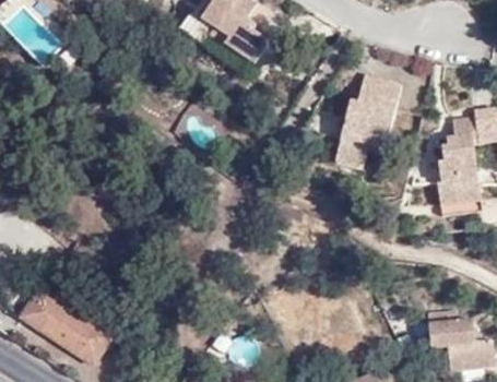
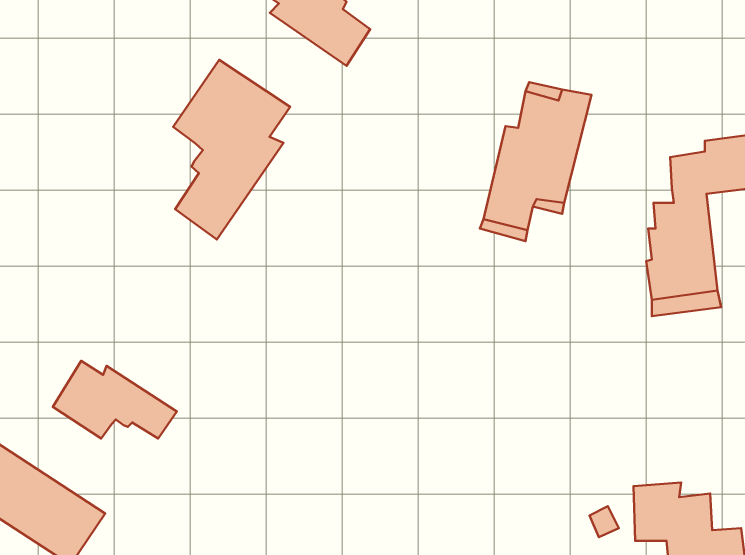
building: none -> [173,60,290,240]
building: none -> [53,361,177,438]

